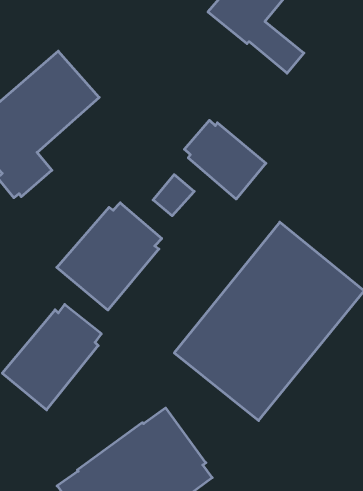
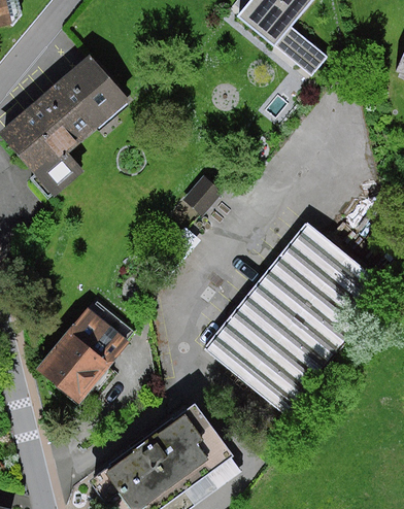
building: [184,120,266,199] -> none
building: [57,203,162,310] -> none

